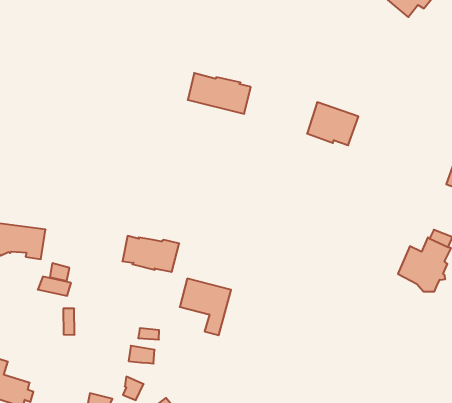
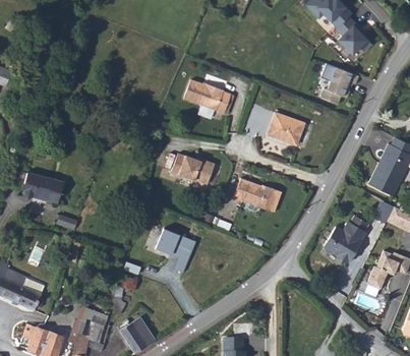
building: none -> [321,63,361,105]
building: none -> [231,180,280,215]
building: [122,236,179,272] -> [170,154,214,184]

